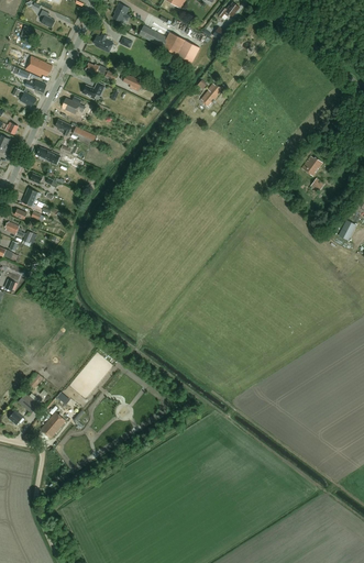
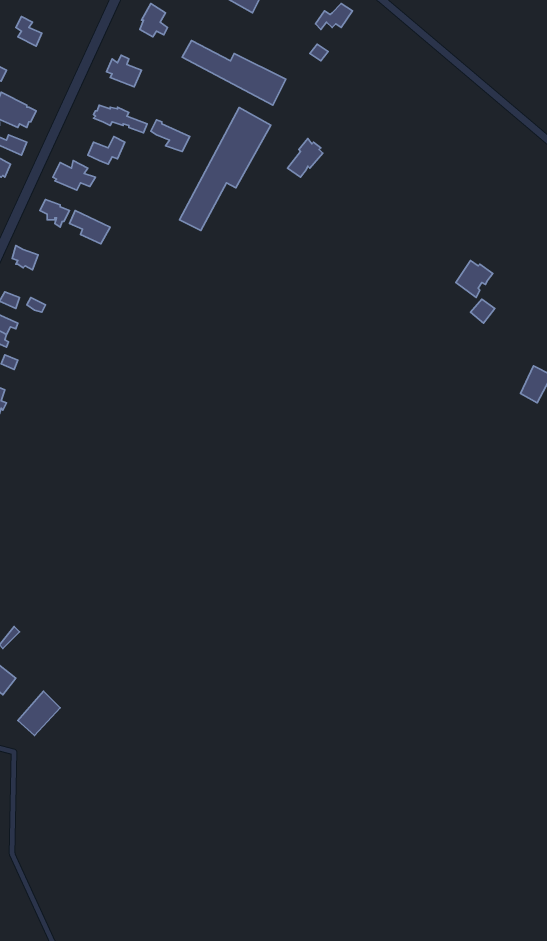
building: none -> [180,107,271,231]

